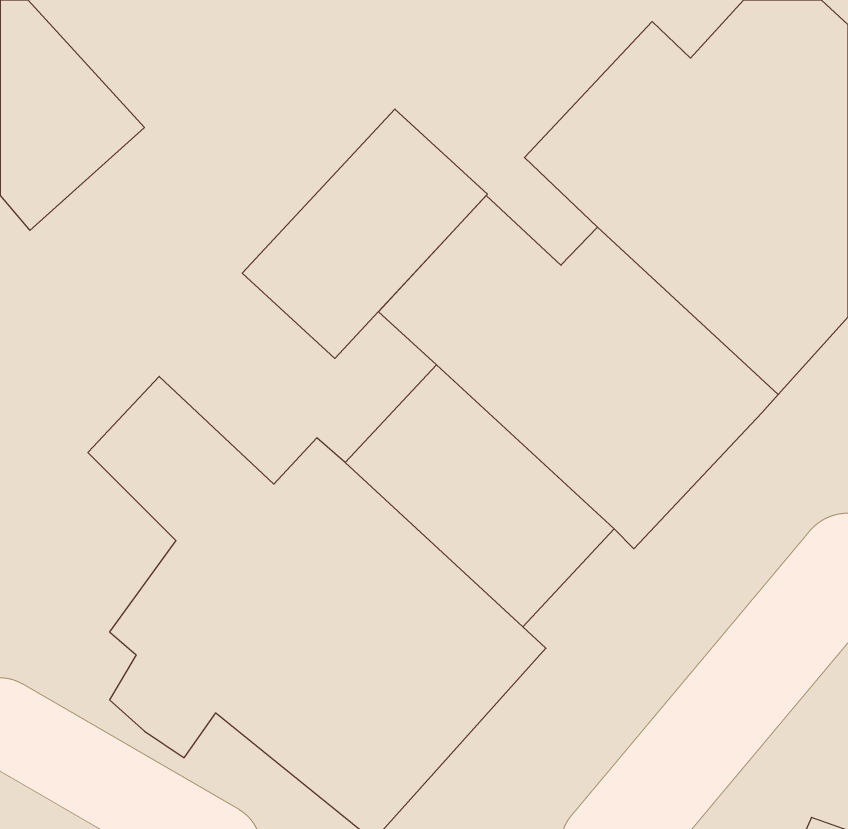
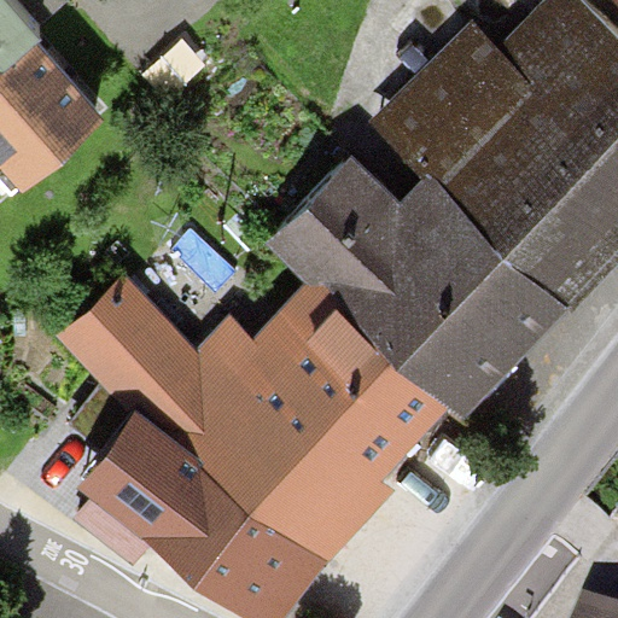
building: [242,109,487,358] -> none

